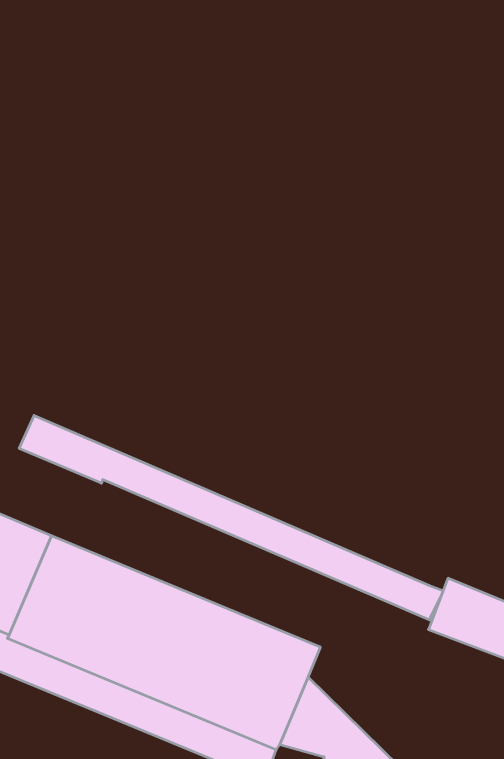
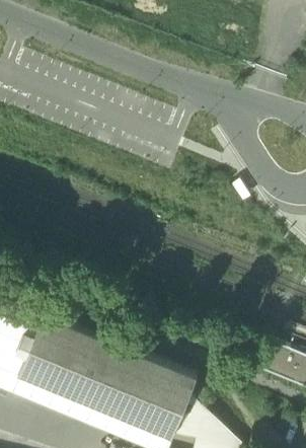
building: [19,415,443,620] -> none

